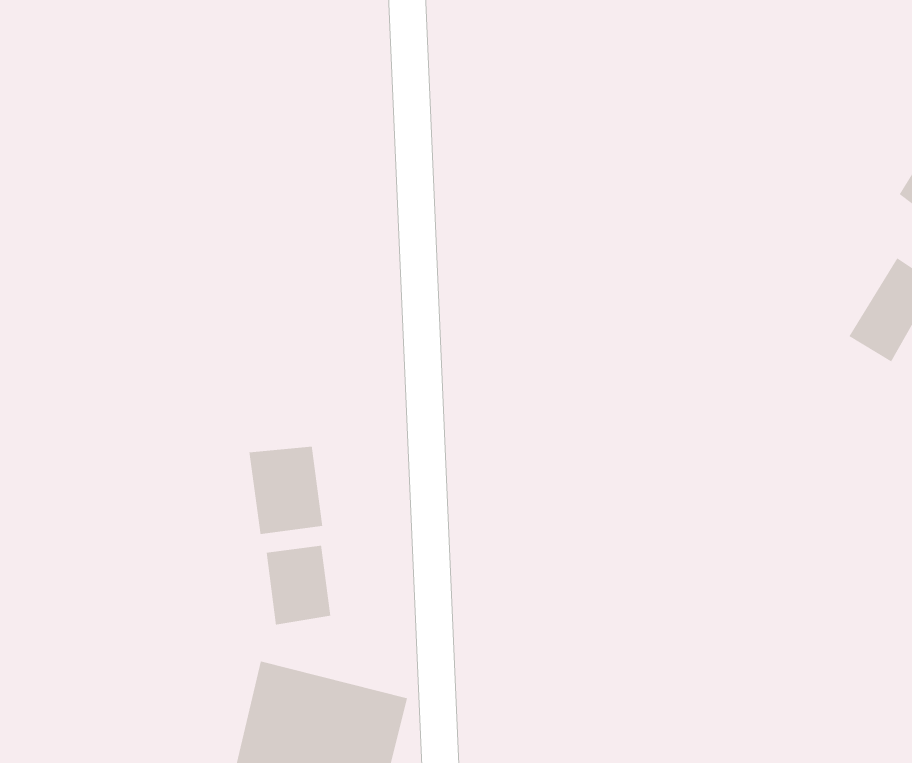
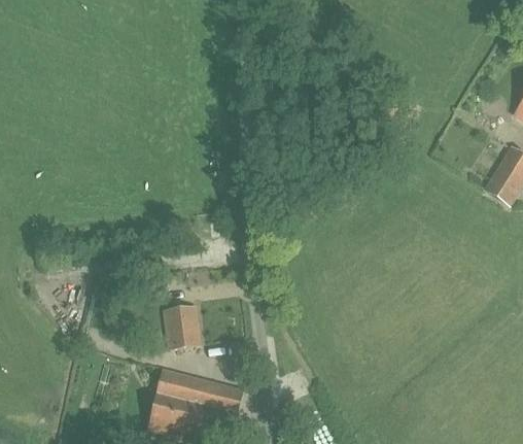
building: [249,446,323,535] -> none

